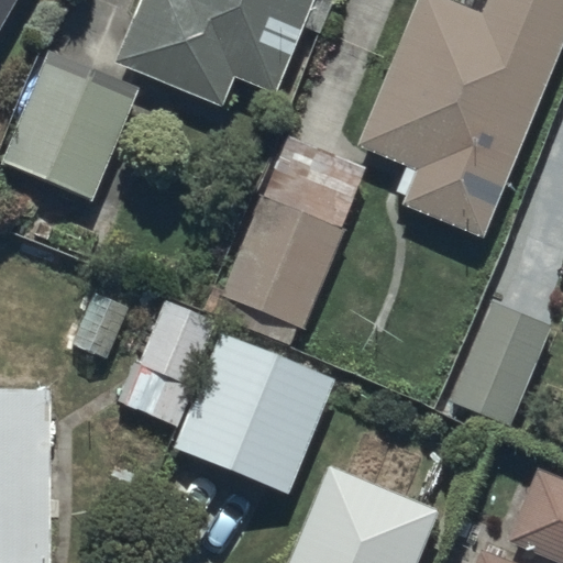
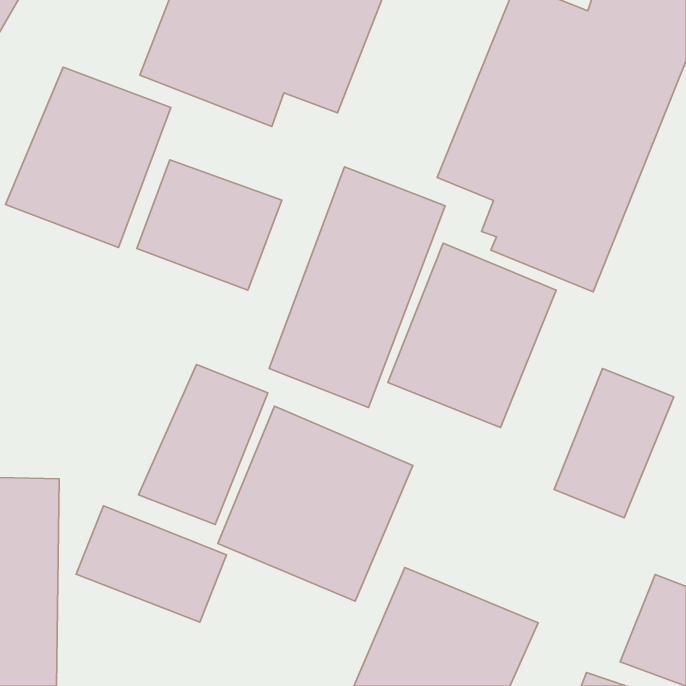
building: none -> [137,160,282,290]
building: none -> [388,243,556,428]
building: none -> [76,506,226,622]

